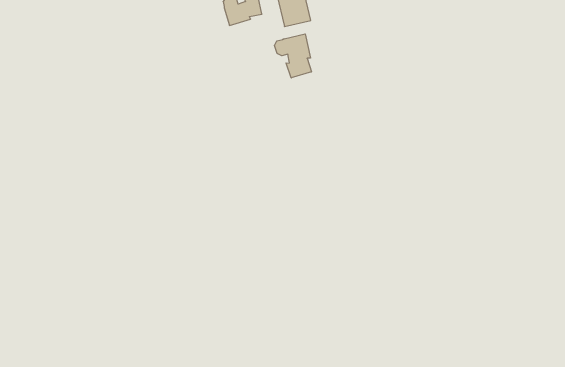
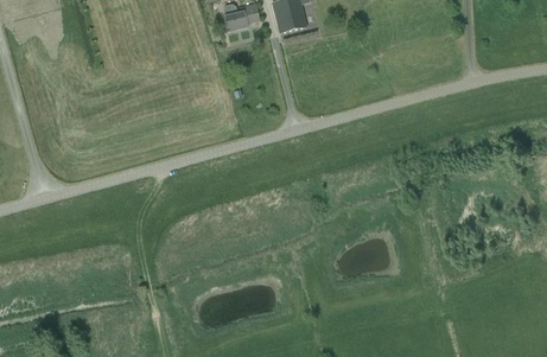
building: [274,34,311,78] -> none

